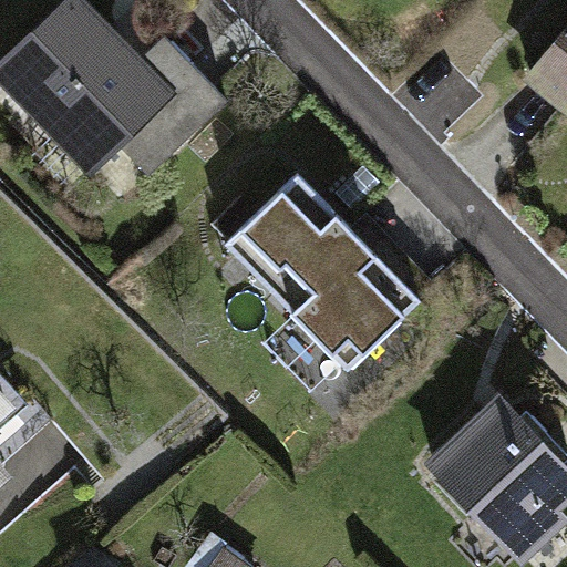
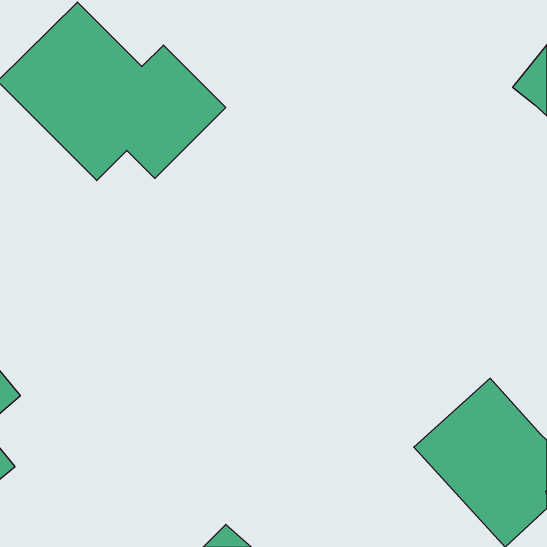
building: [212,163,413,365] -> none

